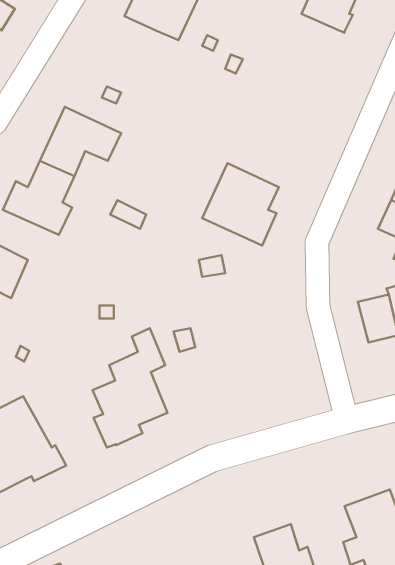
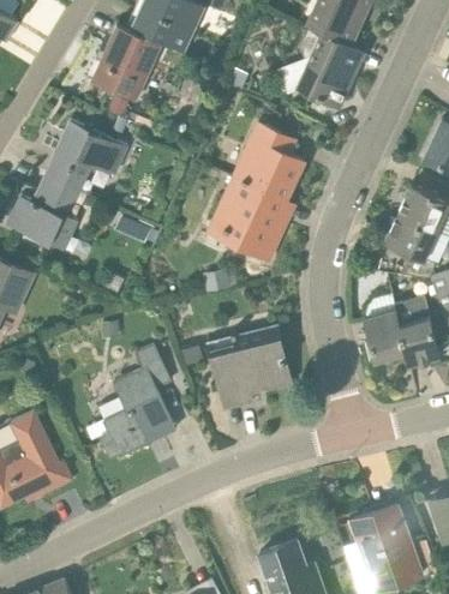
building: none -> [92,24,162,101]
building: none -> [282,28,364,108]
building: none -> [234,122,305,202]
building: none -> [209,328,291,410]

